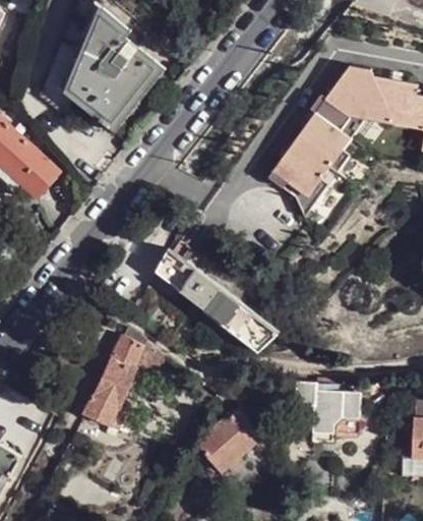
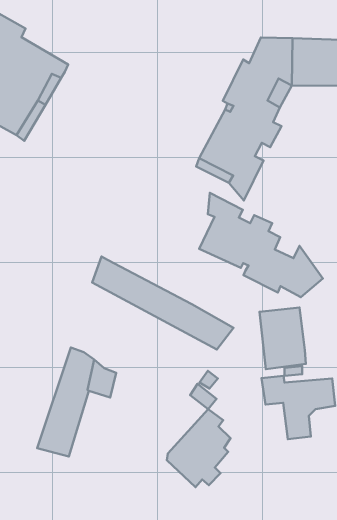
building: none -> [199,193,323,297]
building: none -> [260,308,306,369]

